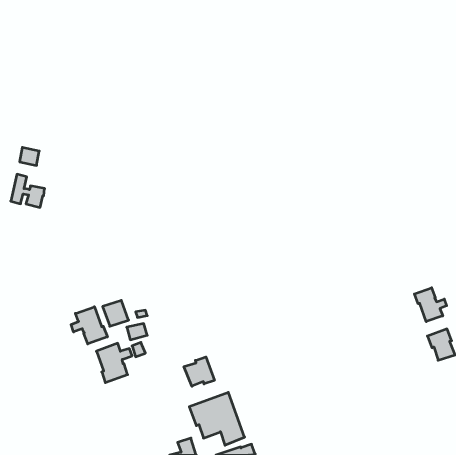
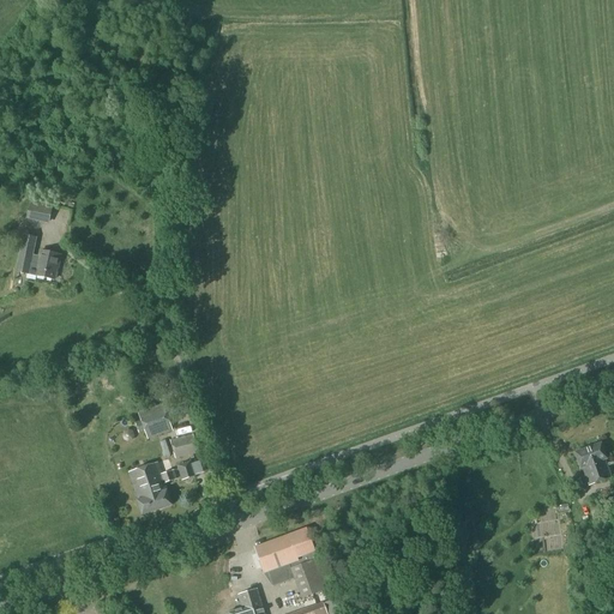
building: [414,288,447,322] -> none
building: [71,307,107,344] -> none
building: [184,357,214,386] -> none

